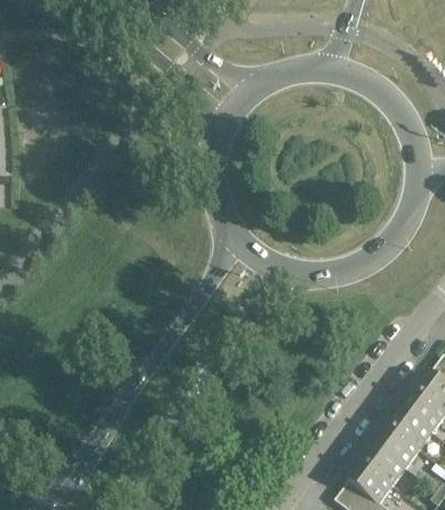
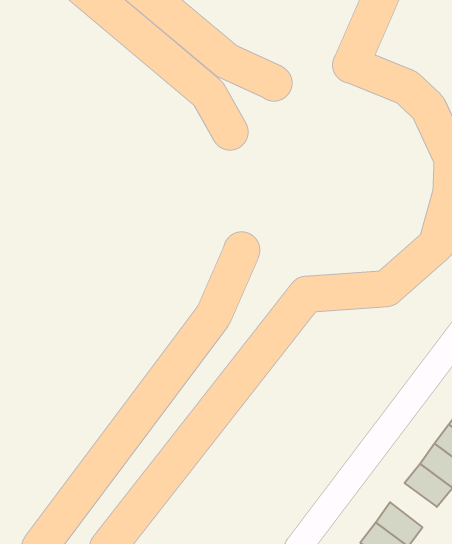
building: [363,445,405,486] -> none

